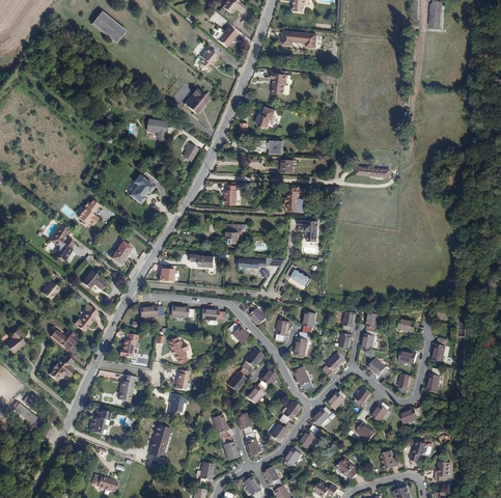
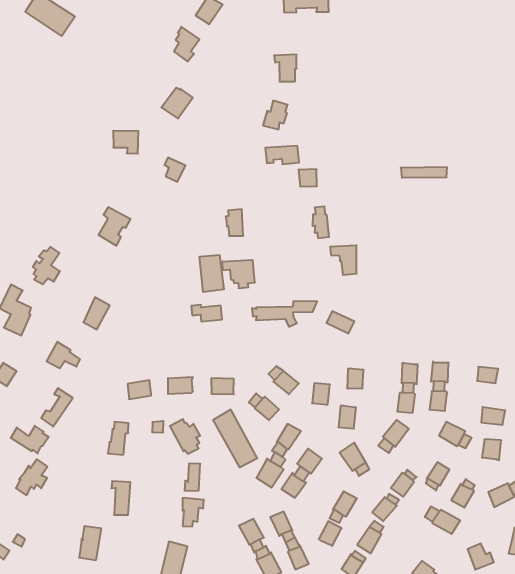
building: none -> [200,255,224,292]
building: none -> [213,409,257,467]

